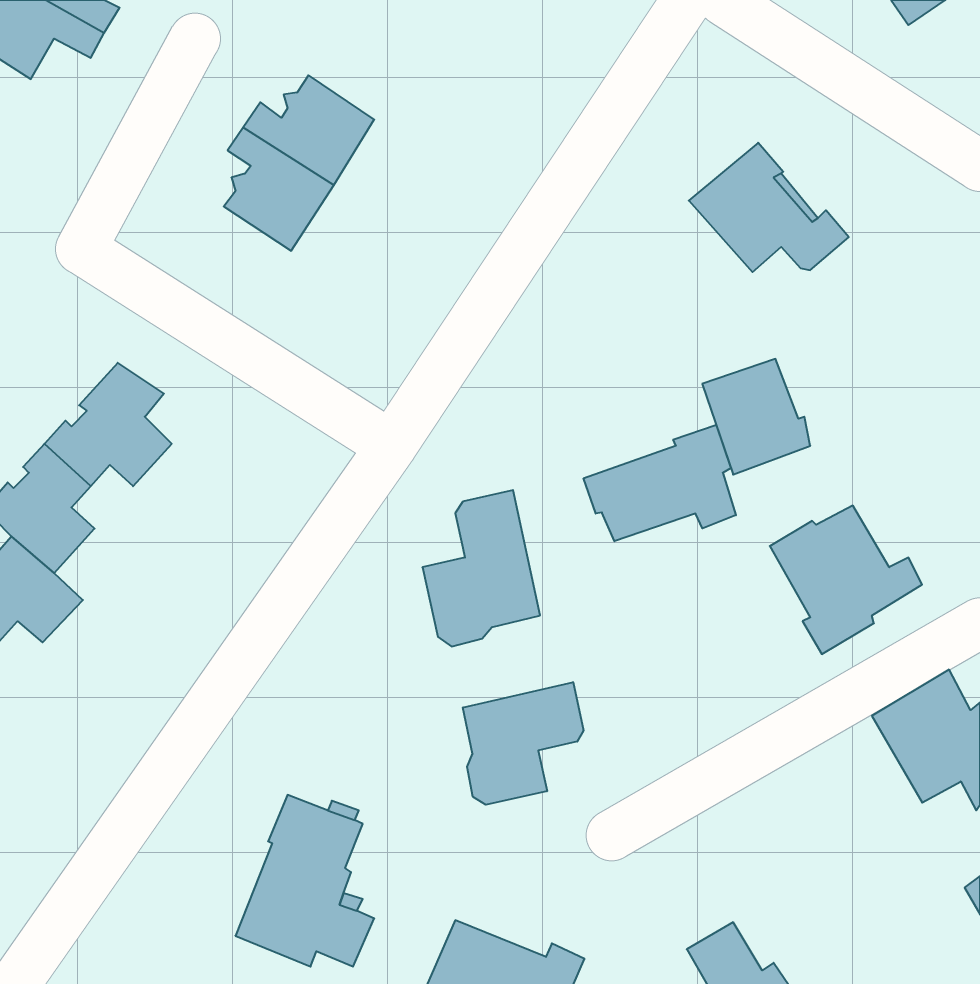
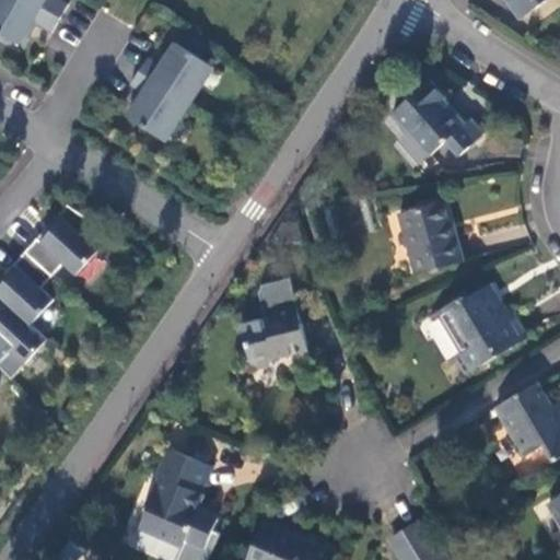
building: [584,425,736,541] -> none
building: [463,682,583,805] -> none

